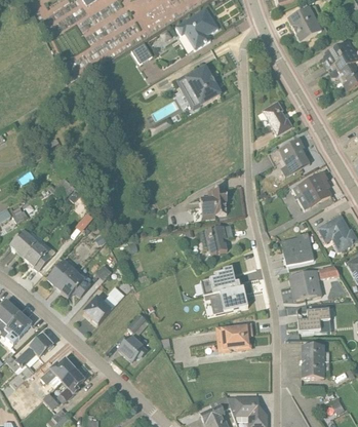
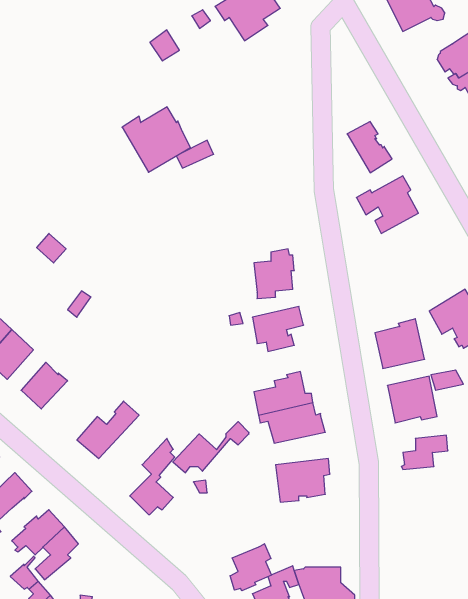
building: [175,65,221,108] -> [122,107,190,172]
building: [292,168,331,208] -> none
building: [61,264,111,298] -> [173,422,249,473]
building: [302,345,329,378] -> none
building: none -> [230,544,271,591]

